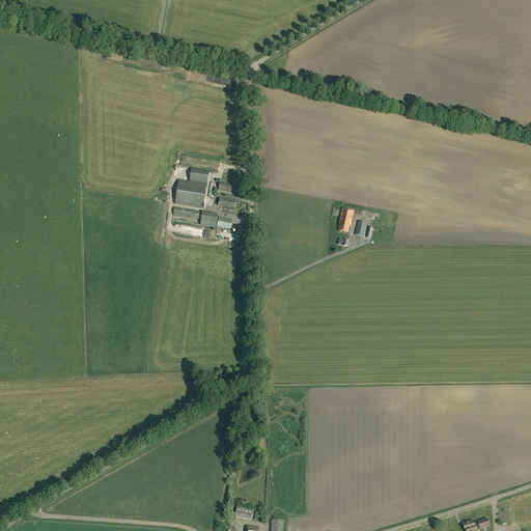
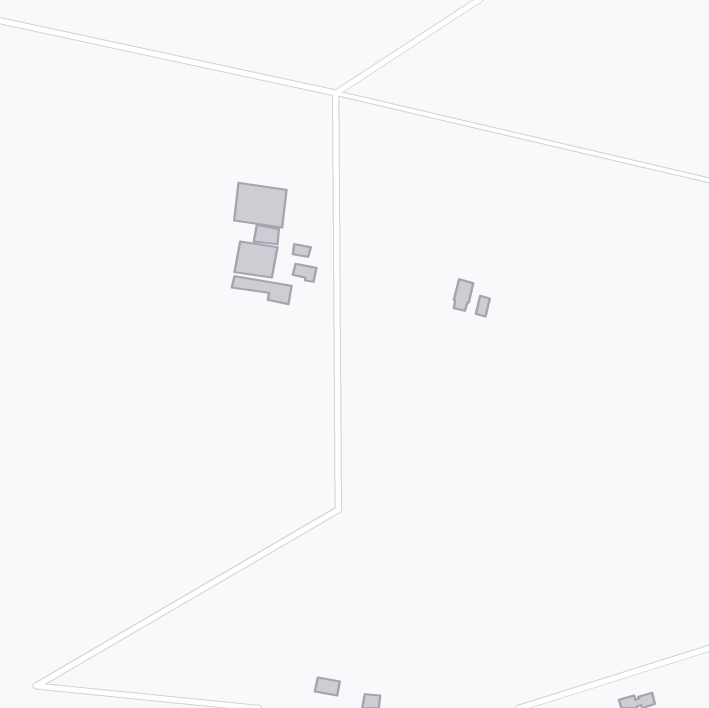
building: none -> [234,183,286,228]

